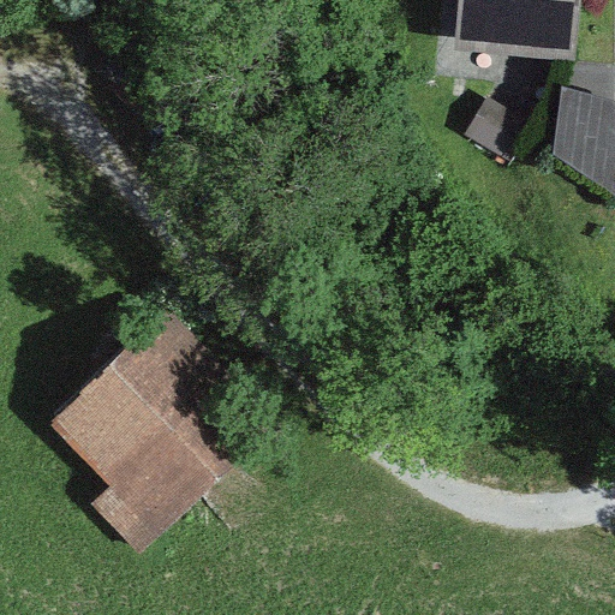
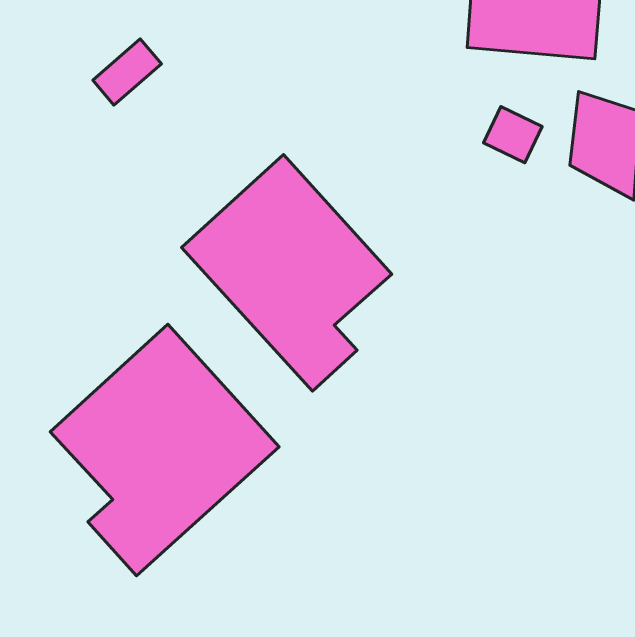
building: none -> [181,155,392,391]

